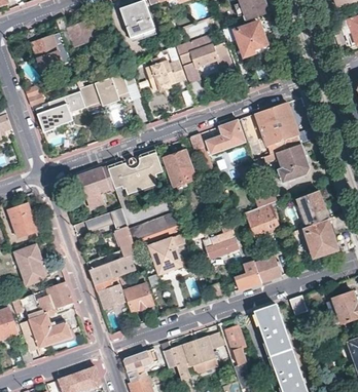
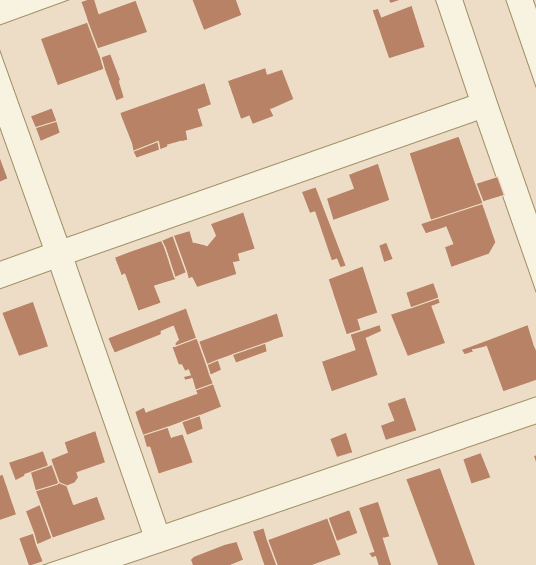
building: [177,35,234,83] -> none
building: [35,91,86,132] -> none
building: [164,150,194,192] -> [328,266,378,335]
building: [295,191,329,227] -> none
building: [148,235,183,276] -> none
building: [14,244,45,286] -> none
building: [254,253,281,282] -> none
building: [124,284,153,312] -> none

